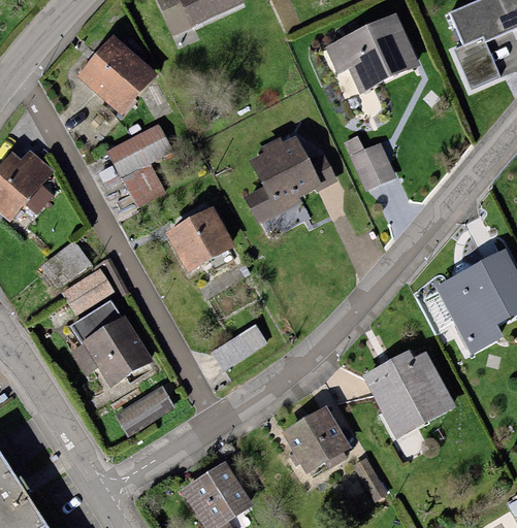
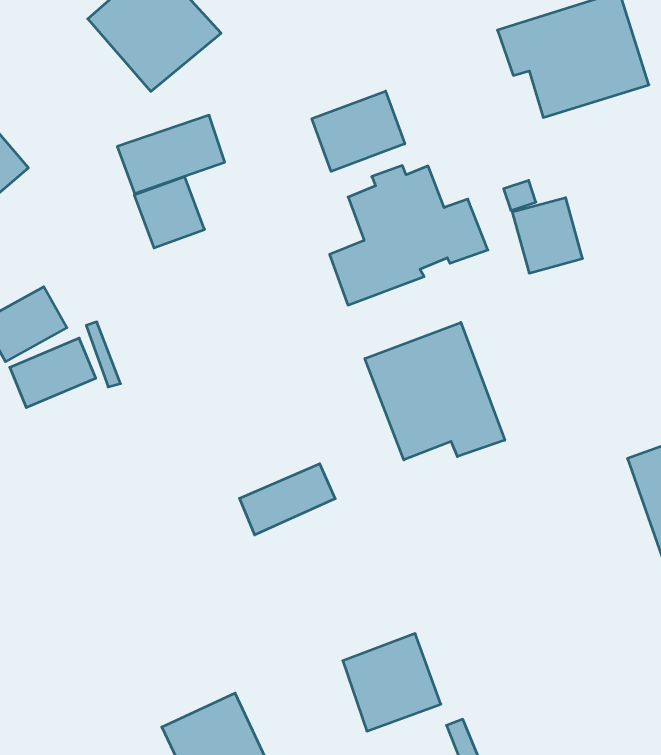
building: none -> [312,91,405,171]
building: [166,205,235,271] -> none
building: none -> [365,322,505,460]
building: [70,299,154,388] -> none
building: [367,359,455,443] -> none
building: [114,385,175,436] -> none

